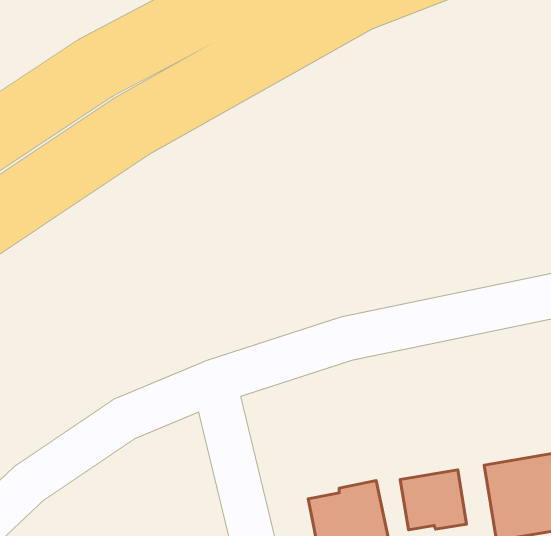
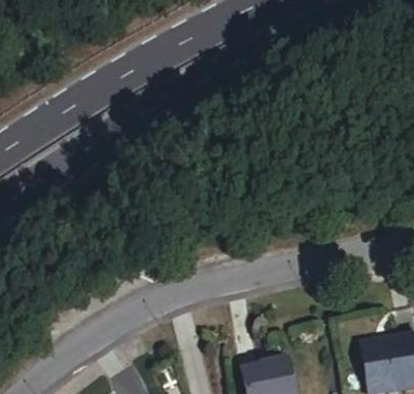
building: [400,470,467,530] -> none

